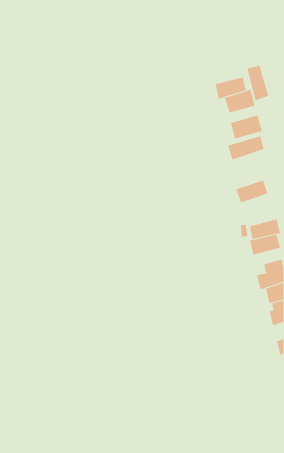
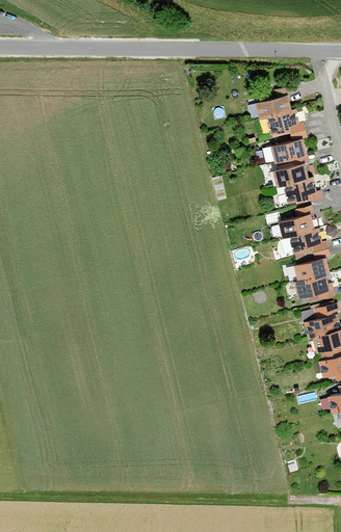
building: [247,65,269,101] -> none
building: none -> [284,176,321,205]
building: none -> [289,228,325,256]

